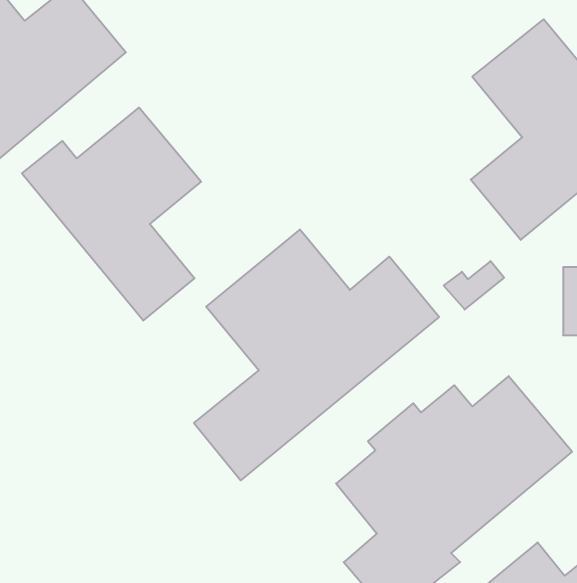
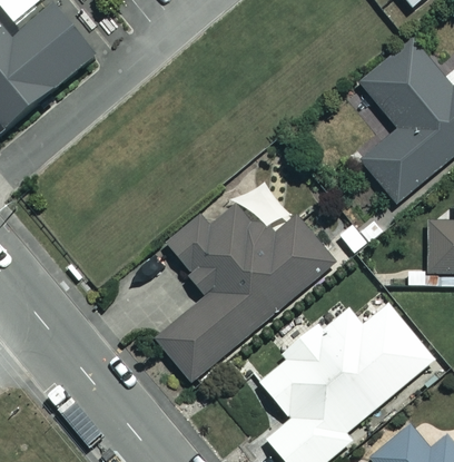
building: [22,108,201,321] -> none

